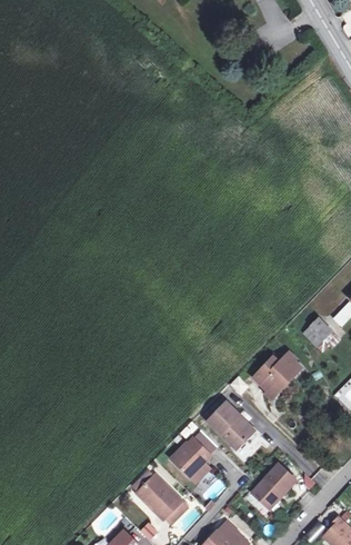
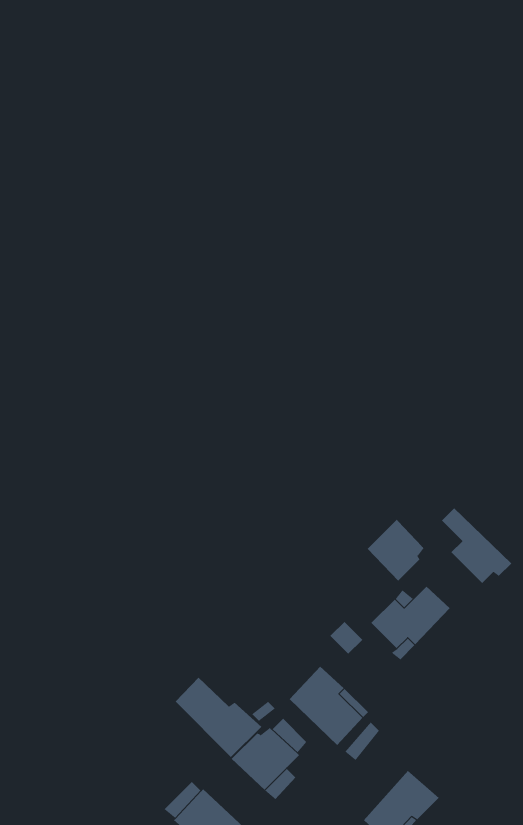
building: none -> [367,519,424,582]
building: none -> [175,677,262,758]

